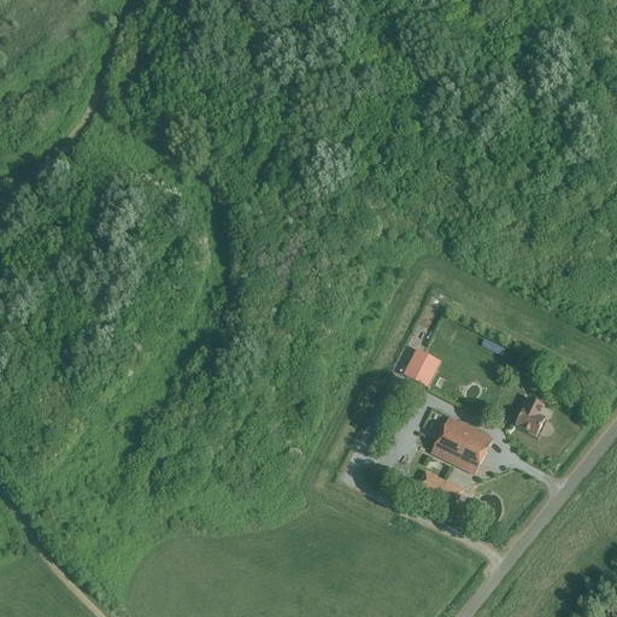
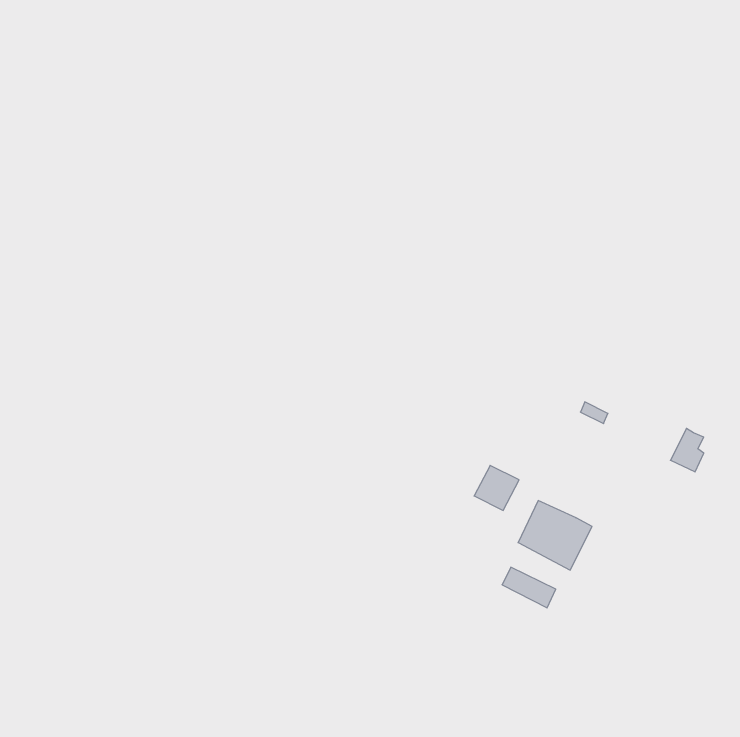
building: [402,348,440,386] -> [474,465,519,510]
building: [515,396,542,433] -> [670,428,704,472]

